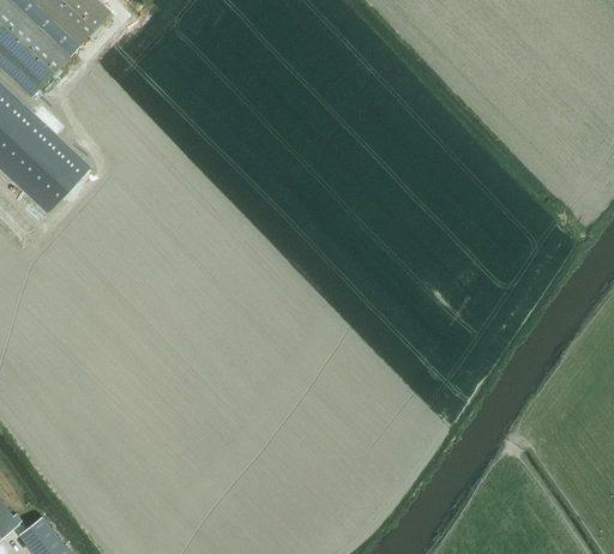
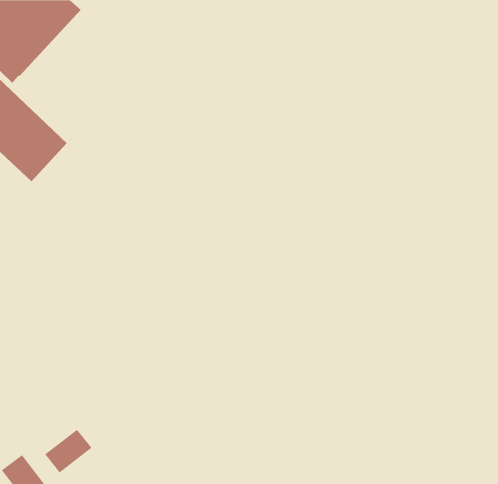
building: none -> [44,429,93,473]

